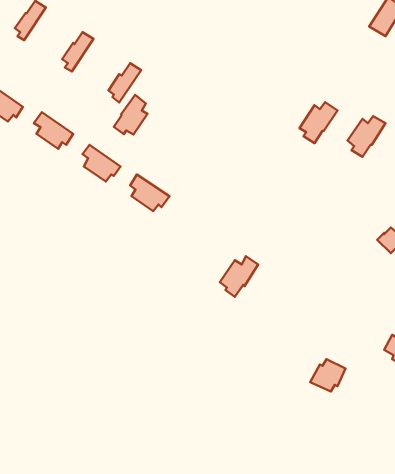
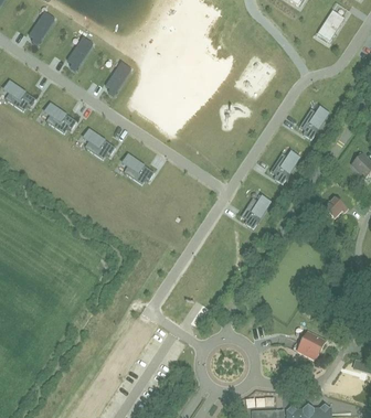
building: [114,95,147,135] -> none
building: [299,102,338,143] -> [269,150,300,183]
building: [220,256,258,297] -> [240,194,271,227]
building: [310,359,346,392] -> [296,332,325,358]

